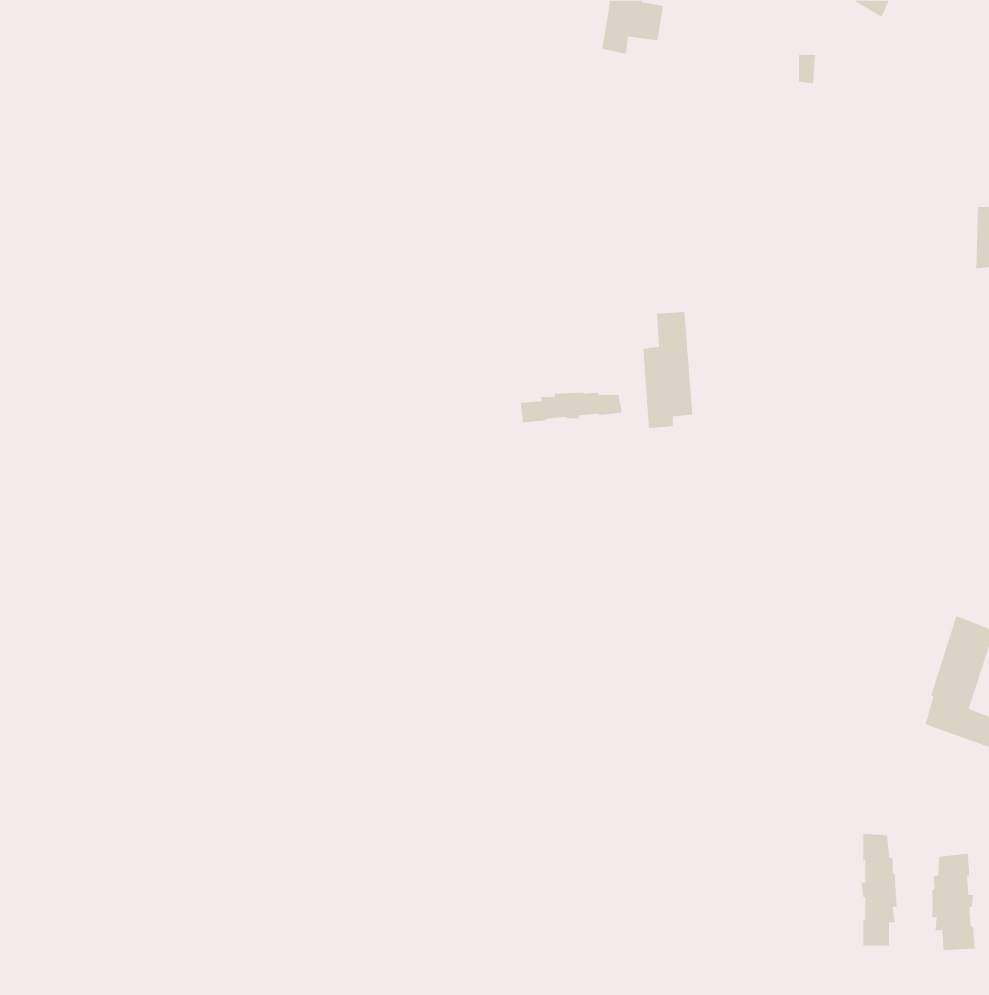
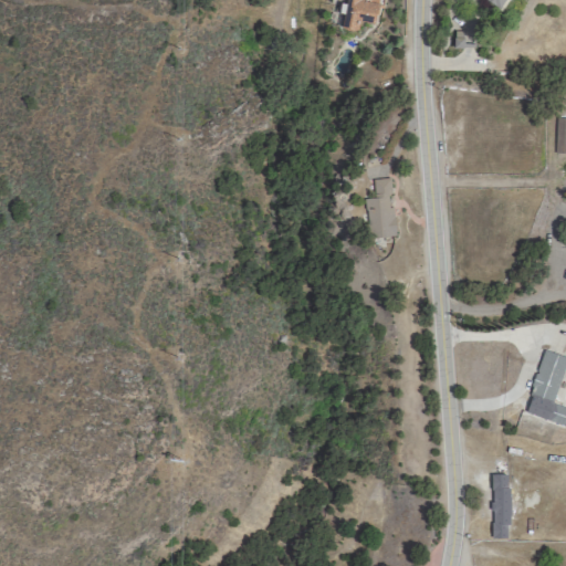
building: [520,392,623,423] -> none
building: [932,853,975,951] -> none

